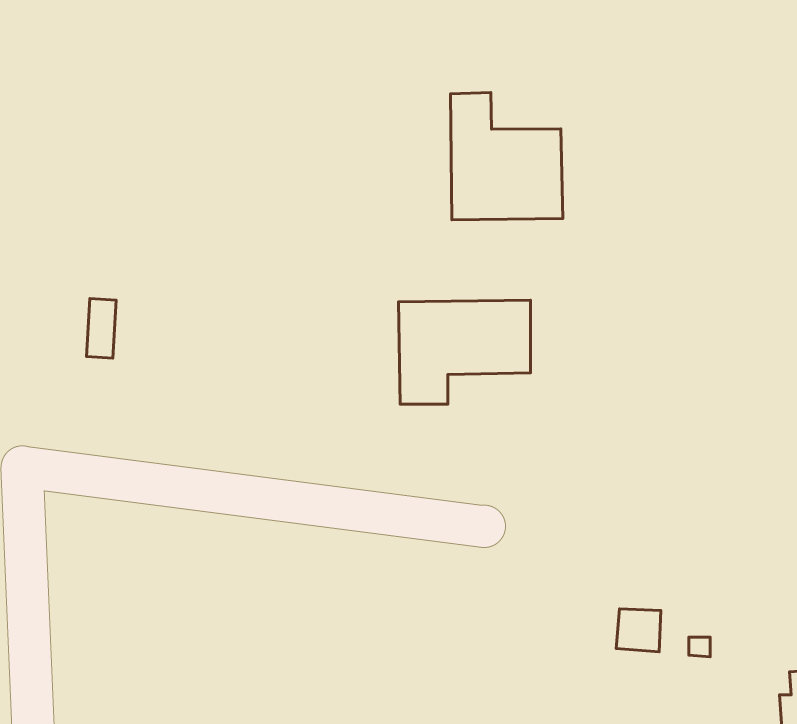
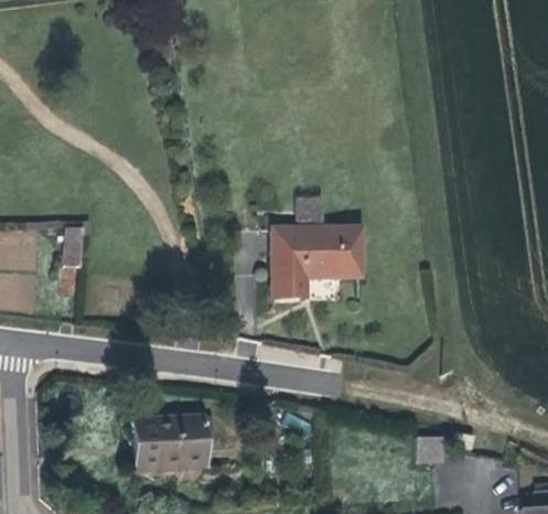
building: [450,92,563,220] -> none
building: none -> [135,420,204,472]

